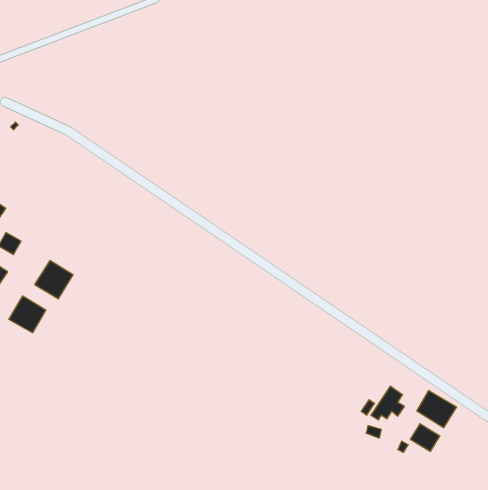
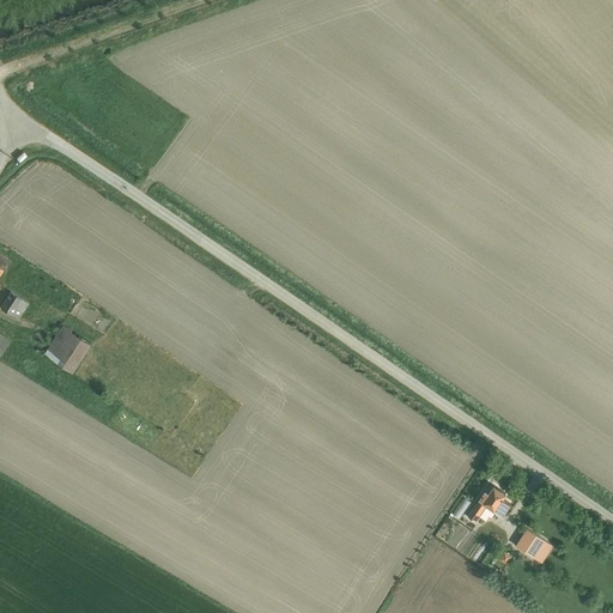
building: [9,296,46,333] -> none
building: [417,390,456,428] -> none

